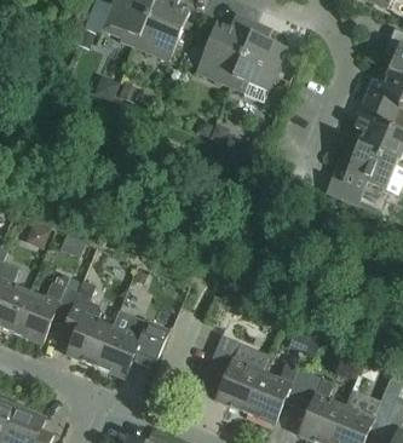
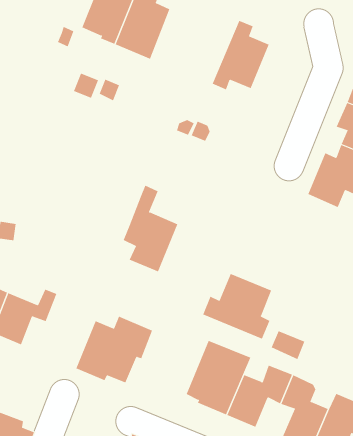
building: [196,13,257,85] -> none
building: none -> [202,273,272,339]
building: [61,280,115,366] -> [123,185,178,272]

